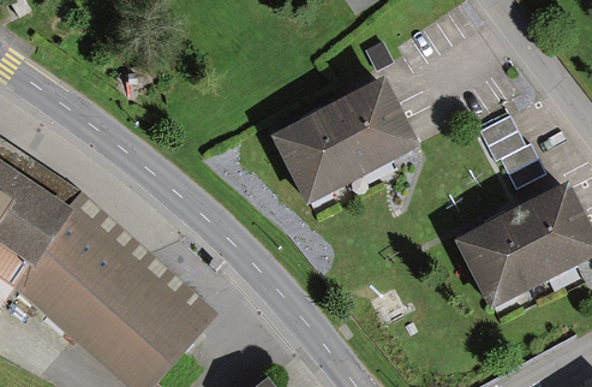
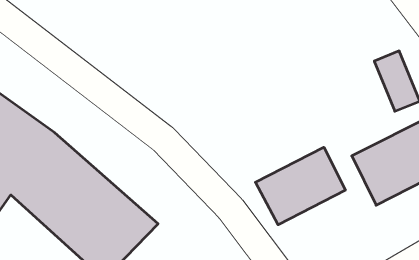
building: [273,81,414,200] -> none
building: none -> [255,147,345,225]

